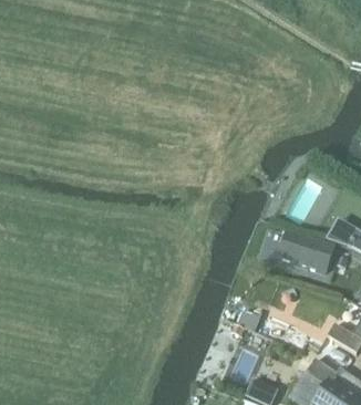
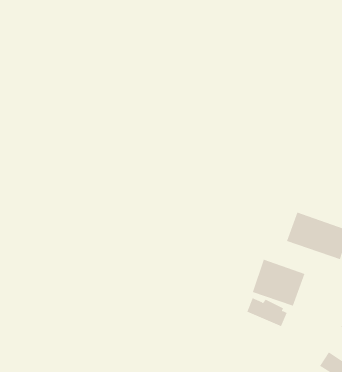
building: none -> [252,259,305,306]

